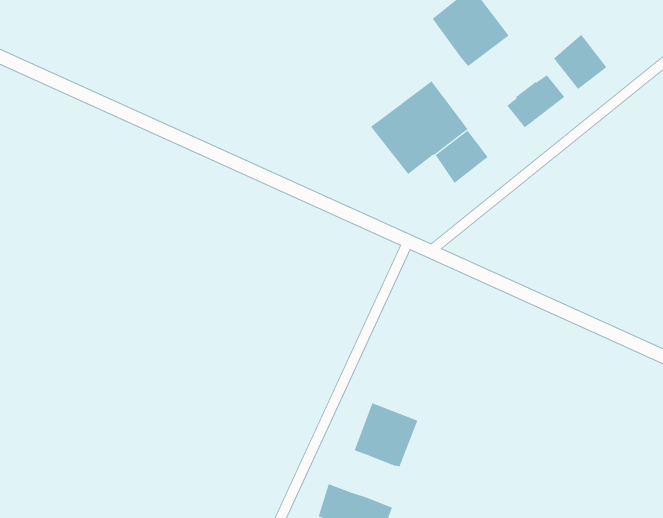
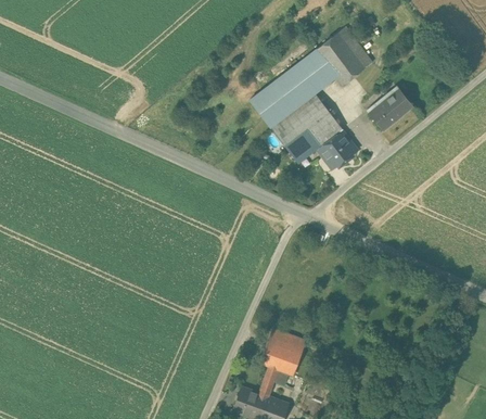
building: none -> [250,50,336,128]
building: [553,34,607,90] -> none
building: none -> [258,366,287,396]

